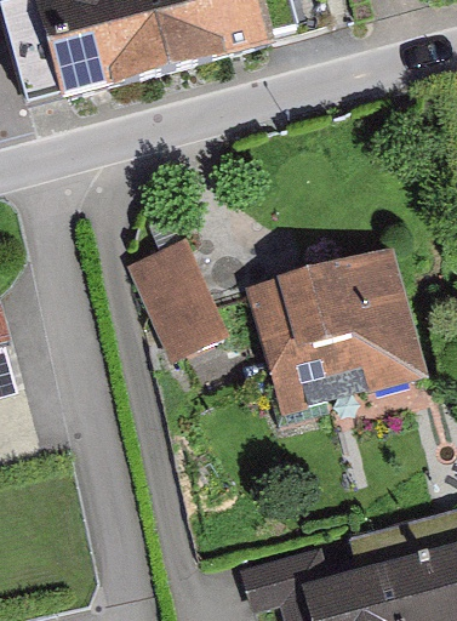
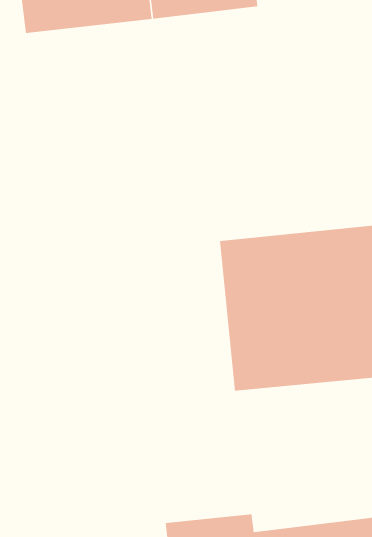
building: [128,238,232,365] -> none

